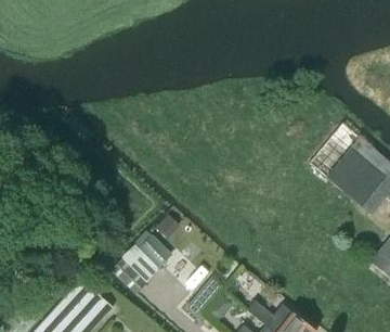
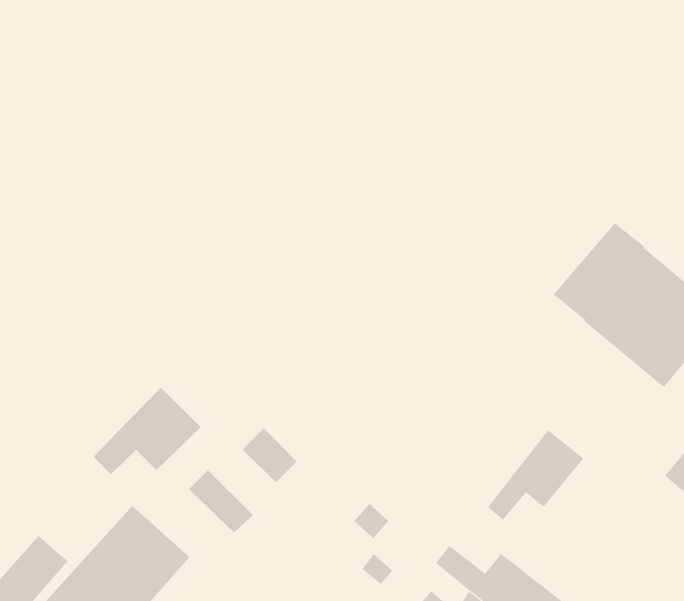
building: none -> [93,387,202,475]
building: none -> [487,430,584,521]

